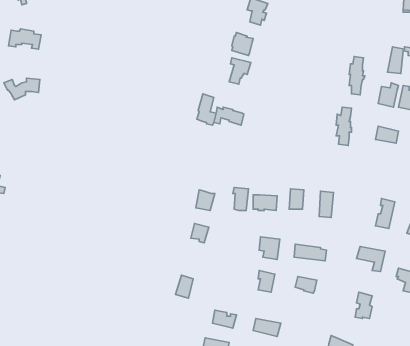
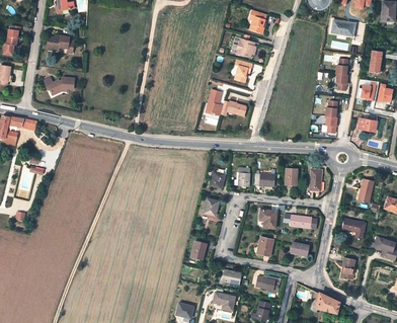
building: none -> [328,17,354,37]

